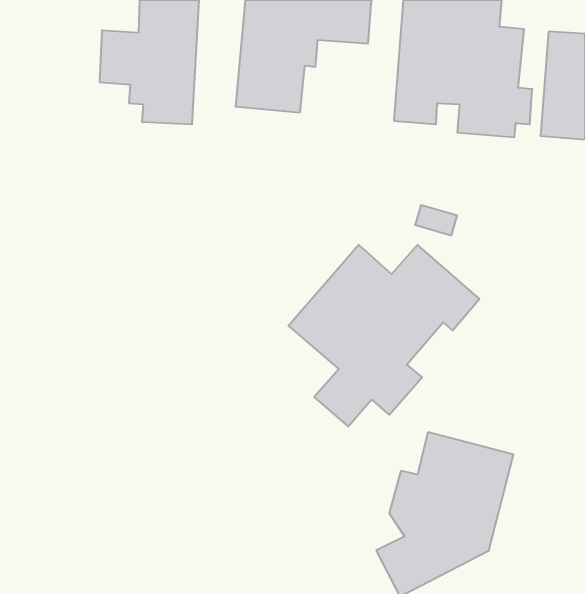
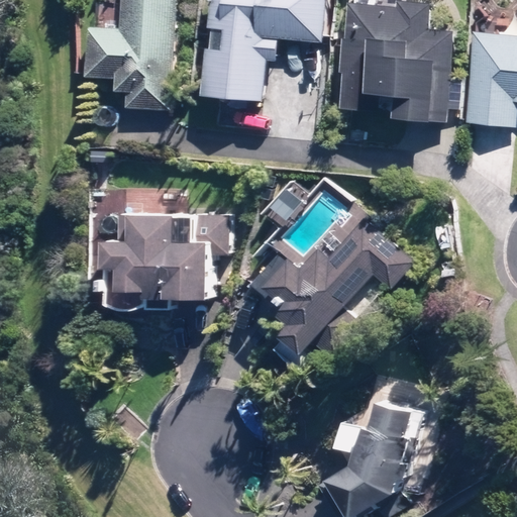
building: none -> [107,212,227,310]

